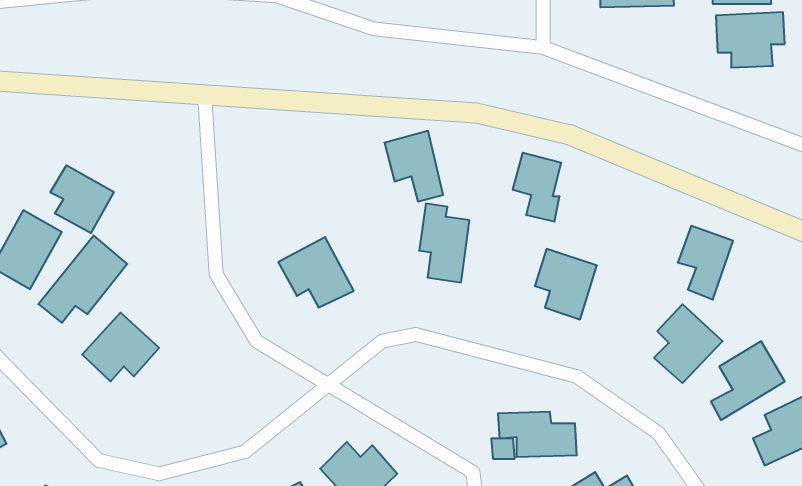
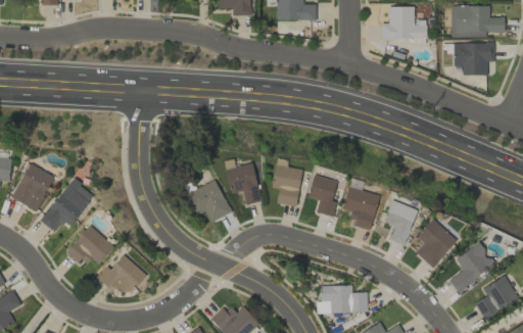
building: [384,131,443,201] -> [226,162,262,205]
building: [513,153,561,222] -> [307,175,337,217]
building: [50,165,114,233] -> none
building: [678,226,733,300] -> [383,200,417,245]
building: none -> [99,254,147,297]

